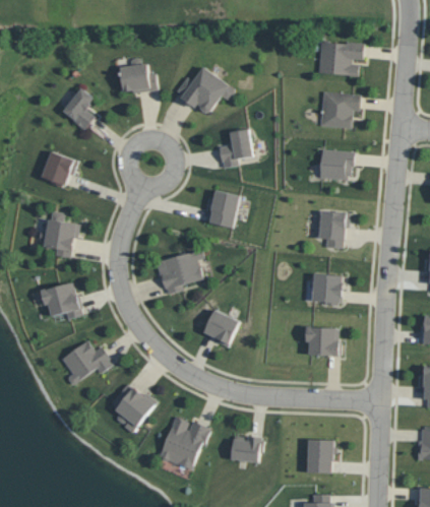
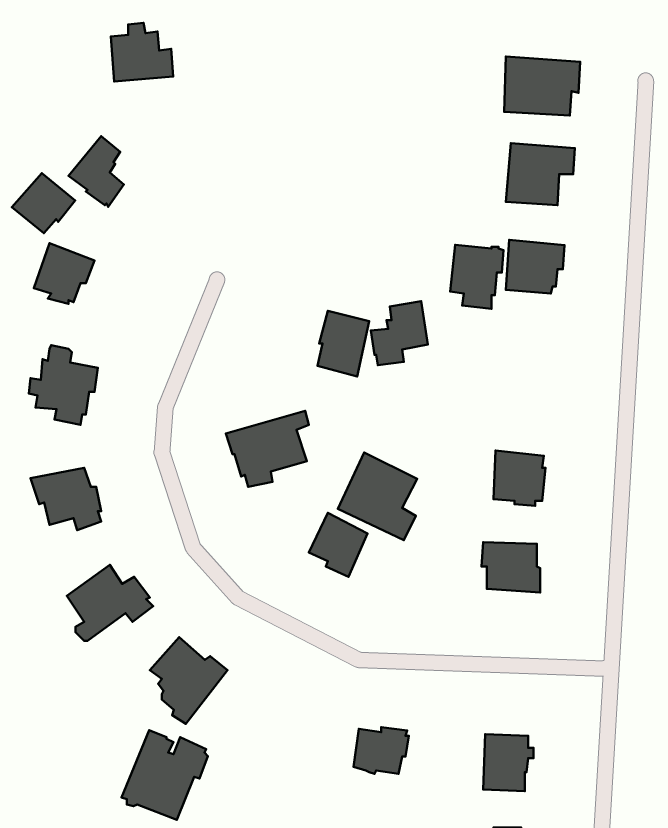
building: [120,58,157,92] -> [111,23,173,82]
building: [175,67,235,115] -> none
building: none -> [12,173,75,233]
building: [219,129,252,167] -> [371,301,428,365]
building: [317,210,349,248] -> [450,245,504,309]
building: none -> [338,453,417,540]
building: [158,416,208,468] -> [122,730,208,820]

